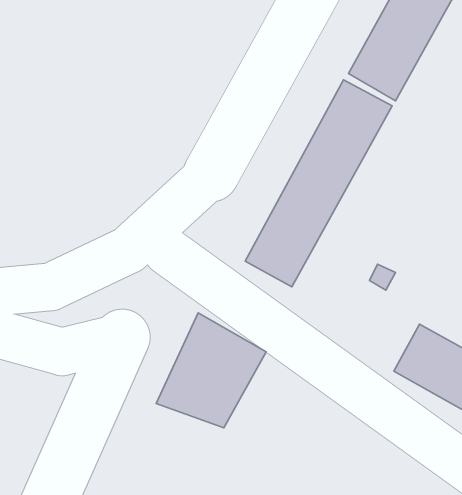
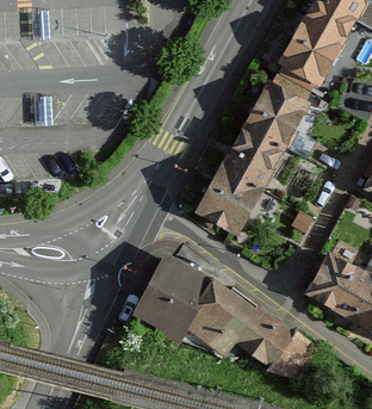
building: none -> [184,277,315,371]

